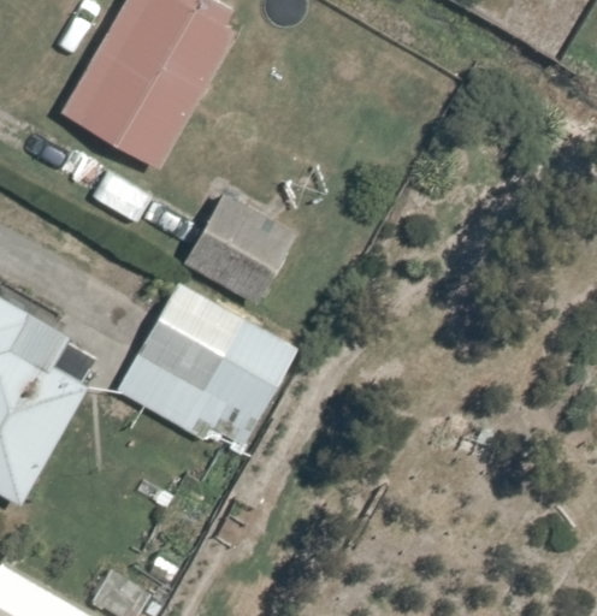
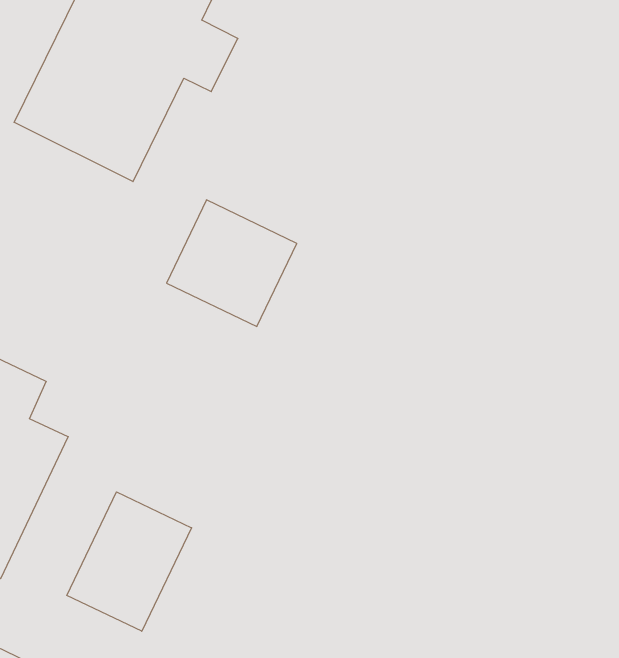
building: [116,280,301,461] -> none
building: none -> [67,492,192,631]

